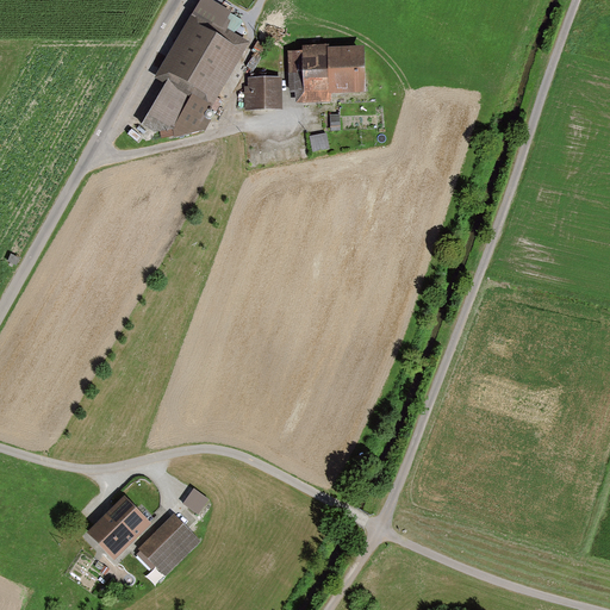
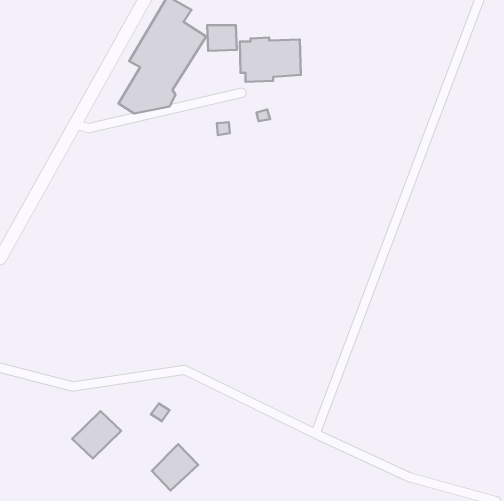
building: [247,76,282,107] -> [207,25,237,51]
building: [139,513,195,569] -> [152,444,198,491]

